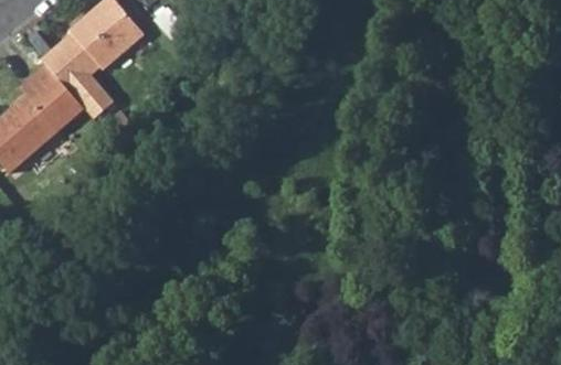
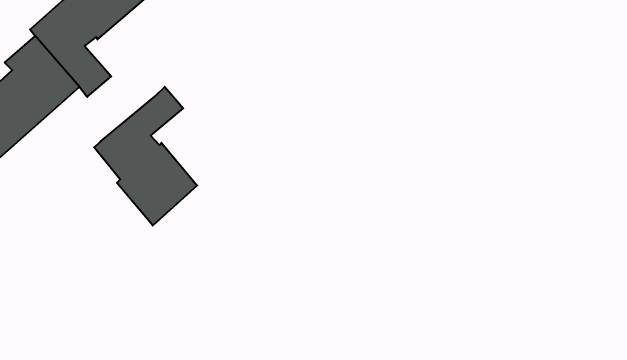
building: none -> [94,87,197,226]

